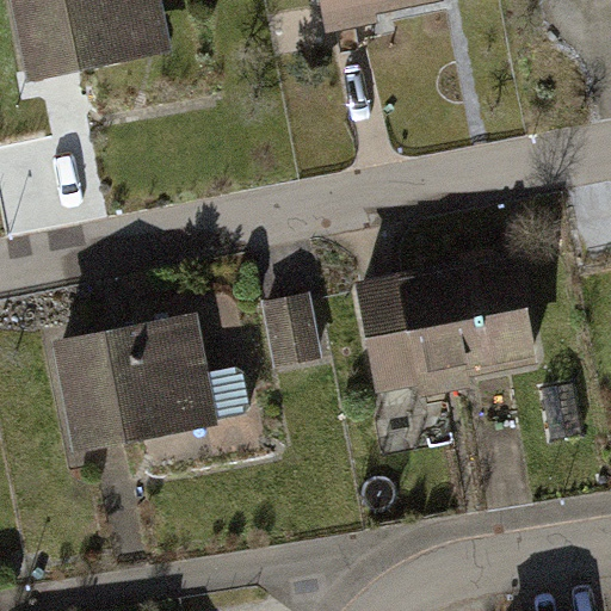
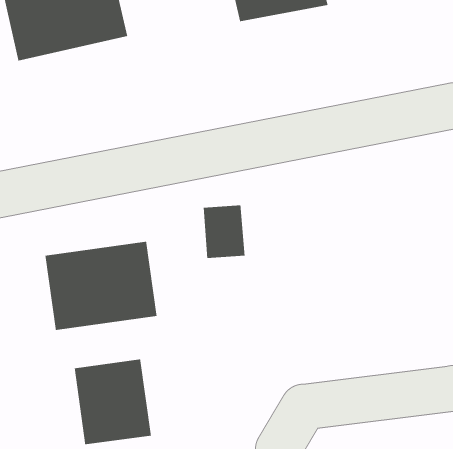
building: [353,257,536,391] -> none
building: none -> [74,359,152,445]

